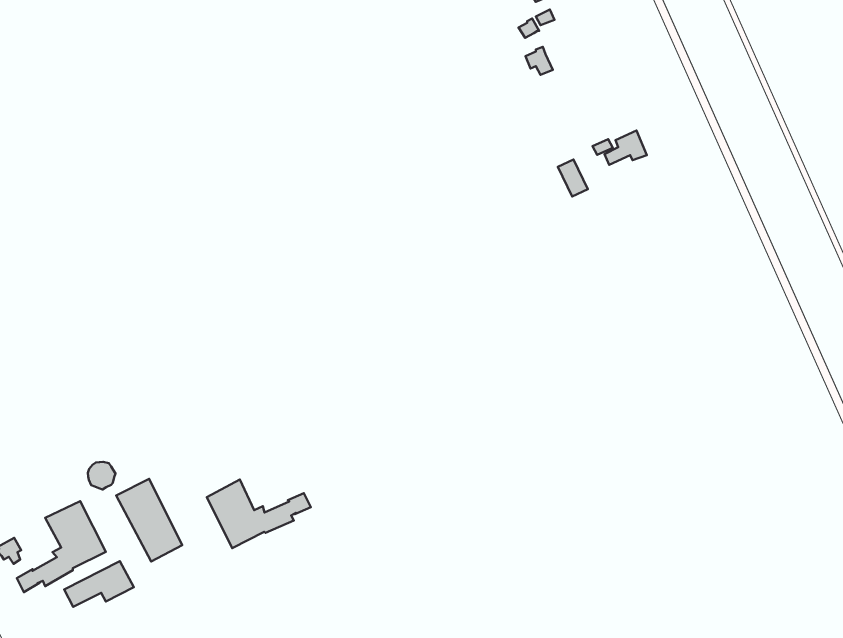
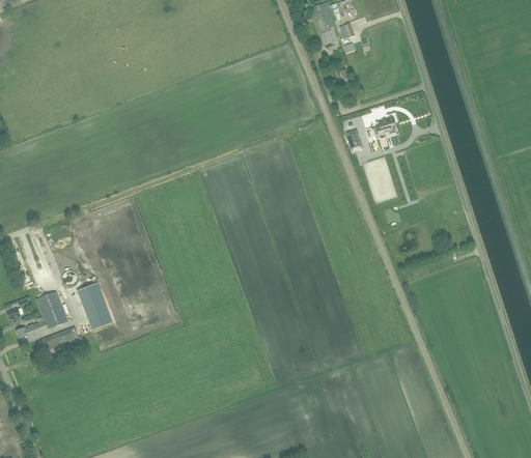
building: [207,480,311,548] -> none

